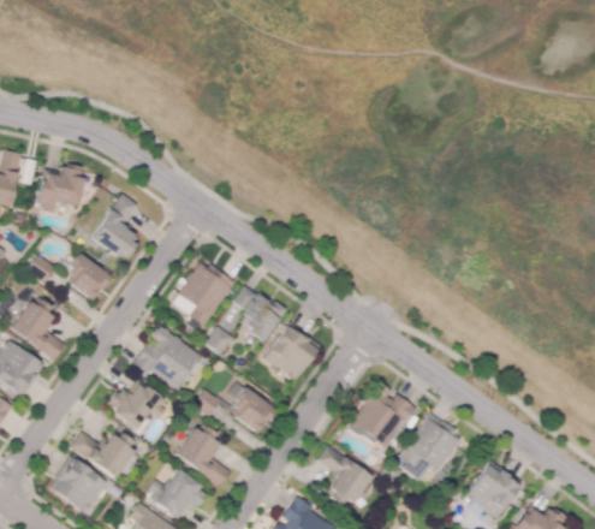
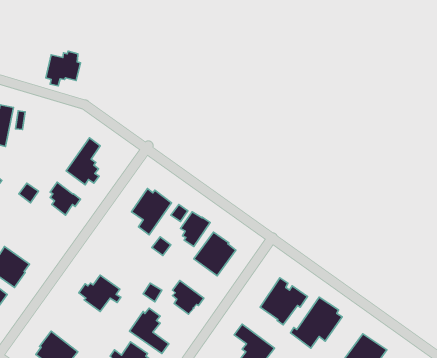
building: [37,166,84,213] -> [46,51,81,86]
building: [11,298,64,359] -> none
building: [133,328,200,388] -> none
building: [72,432,132,477] -> none

